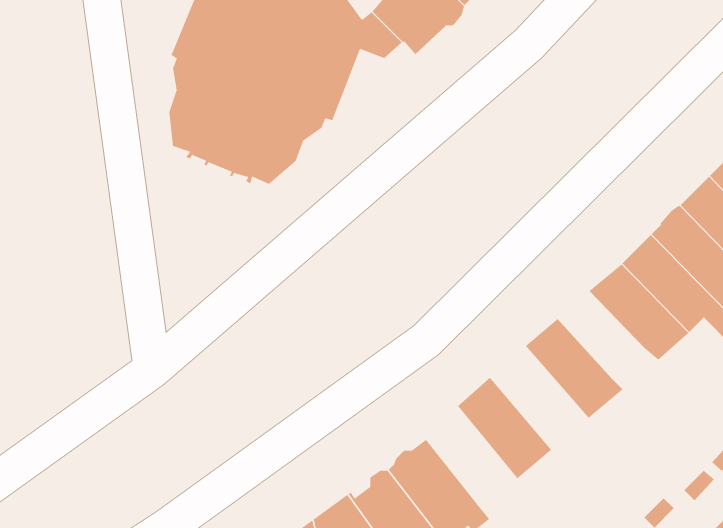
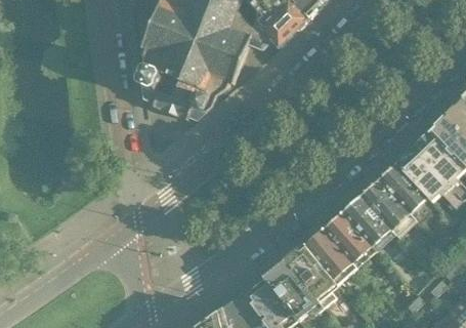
building: none -> [358,180,416,238]
building: none -> [321,211,376,270]
building: none -> [283,245,335,303]

